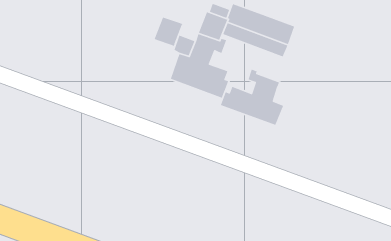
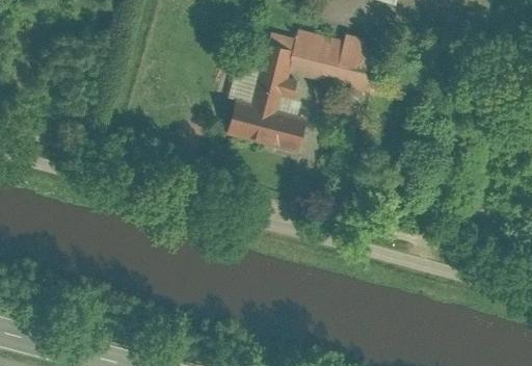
building: [153,16,184,47] -> none
building: [220,69,284,126] -> none

